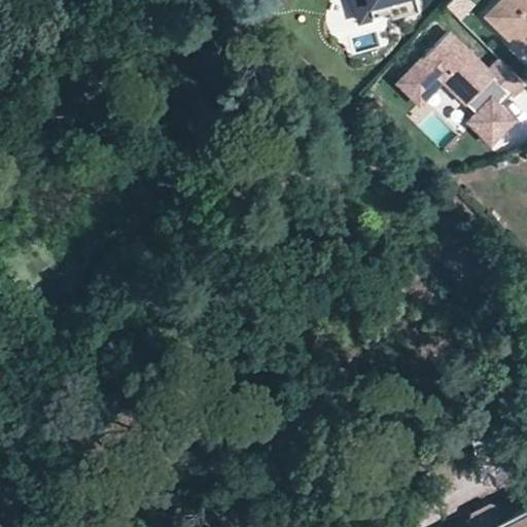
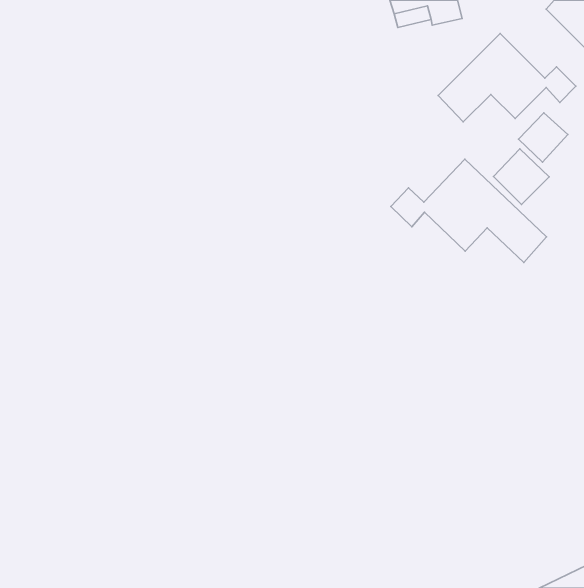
building: none -> [493,149,549,204]
building: none -> [391,159,547,263]

